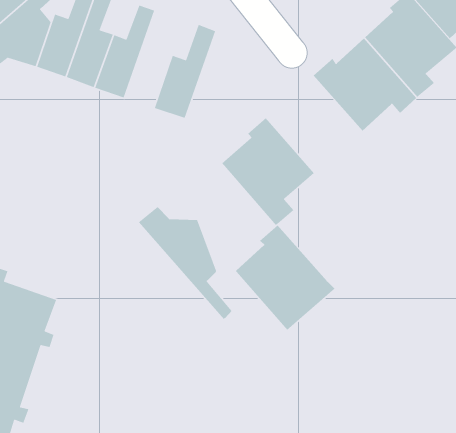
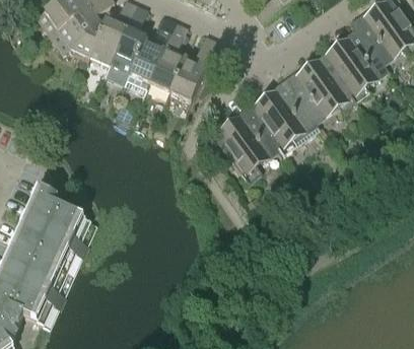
building: none -> [148,22,187,91]
building: [138,206,233,320] -> none
building: [231,225,335,331] -> [247,78,319,153]

